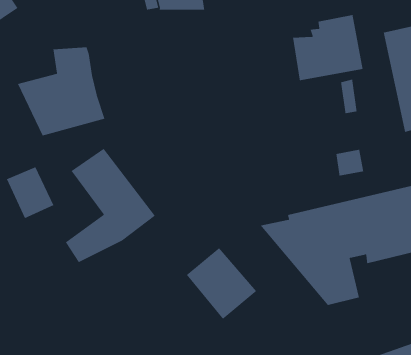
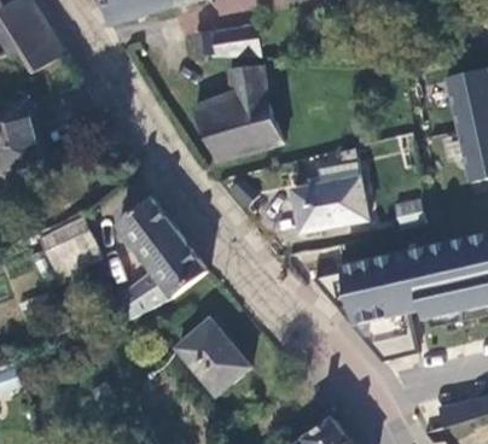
building: [292,14,364,81] -> [295,158,370,228]
building: [17,47,106,137] -> [191,65,284,159]
building: [186,247,257,320] -> [175,319,250,395]

